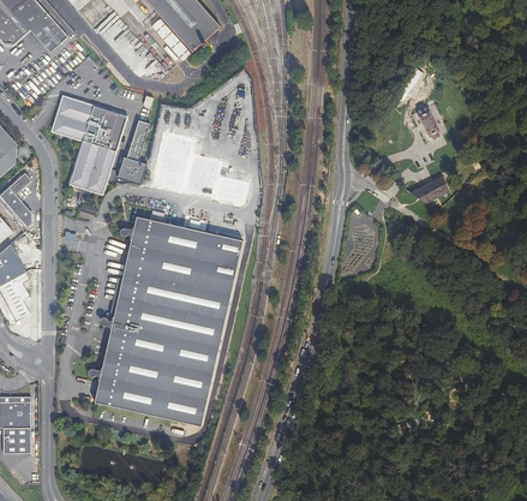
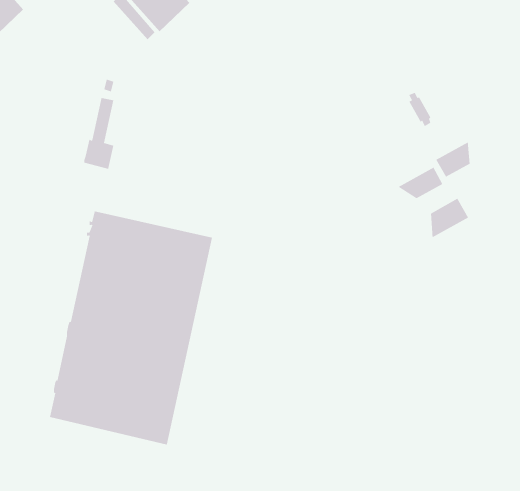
building: [54,95,127,191] -> none
building: none -> [436,141,470,178]
building: none -> [430,198,469,238]

